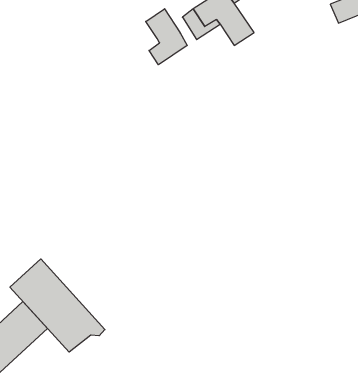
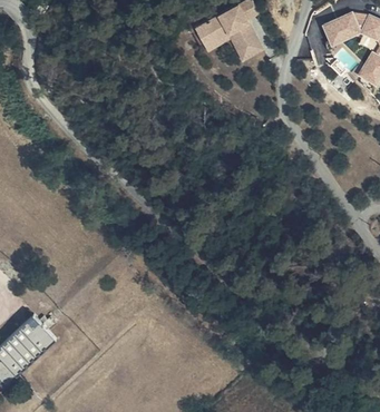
building: [146,9,187,65] -> none
building: [10,259,105,352] -> none

